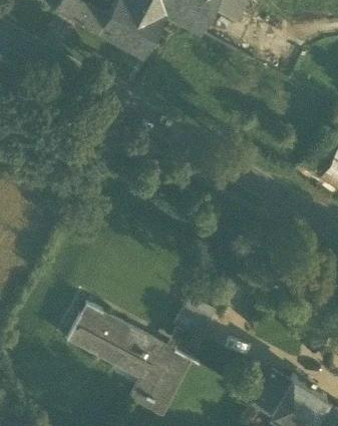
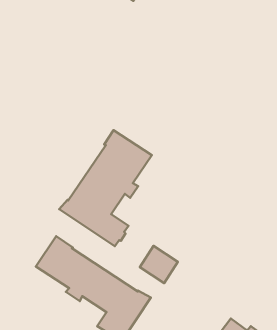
building: none -> [59,130,152,246]

